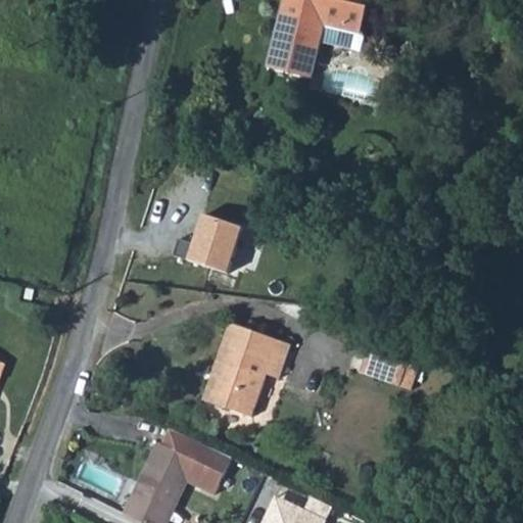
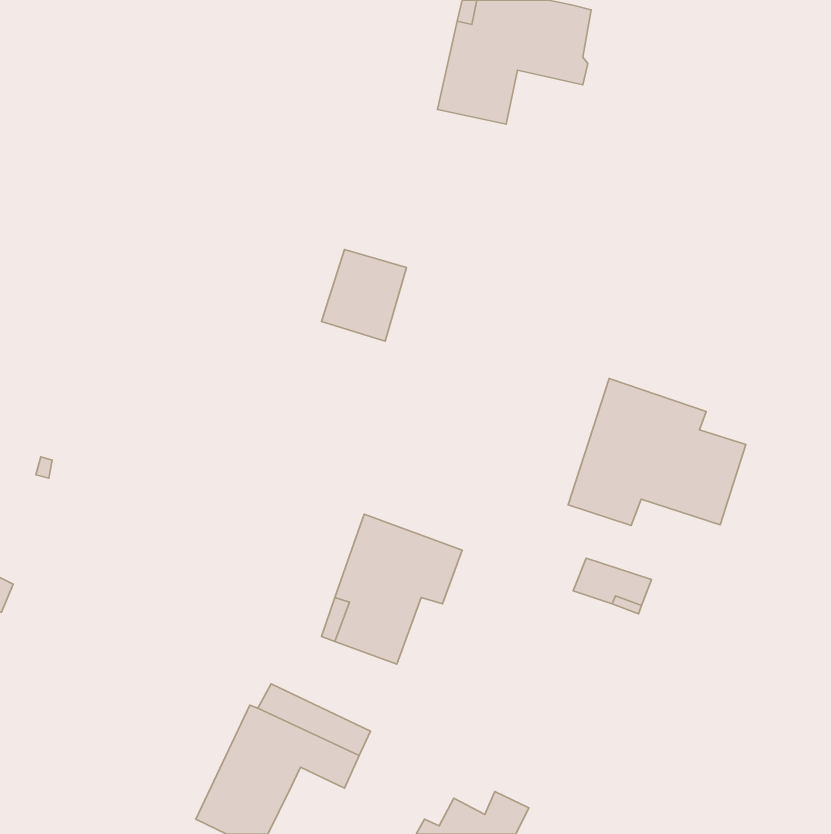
building: [185,211,238,269] -> [322,250,407,341]
building: none -> [568,378,746,526]

